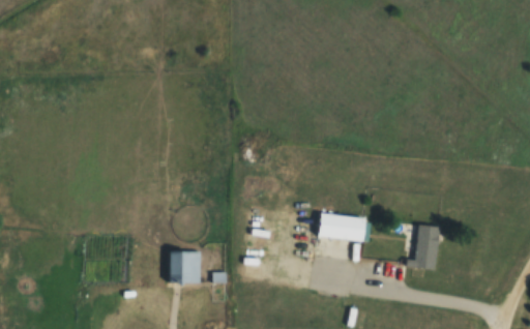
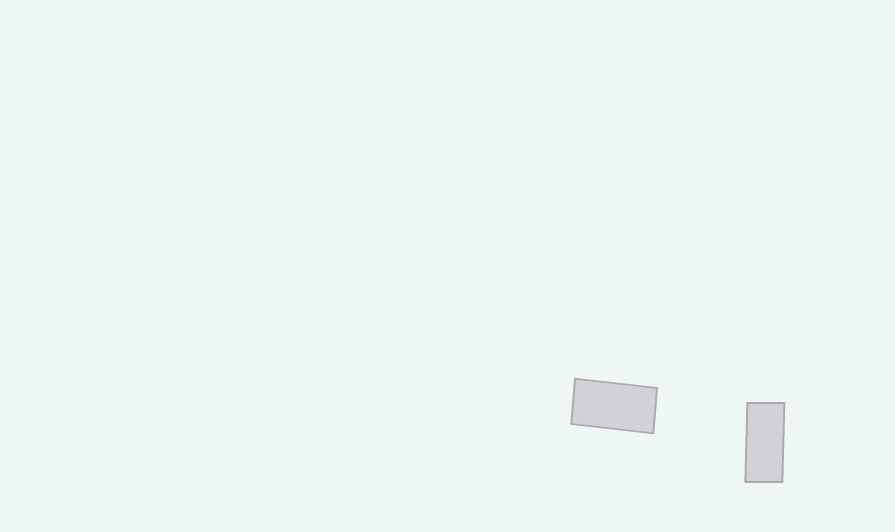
building: [170,252,200,283] -> none

